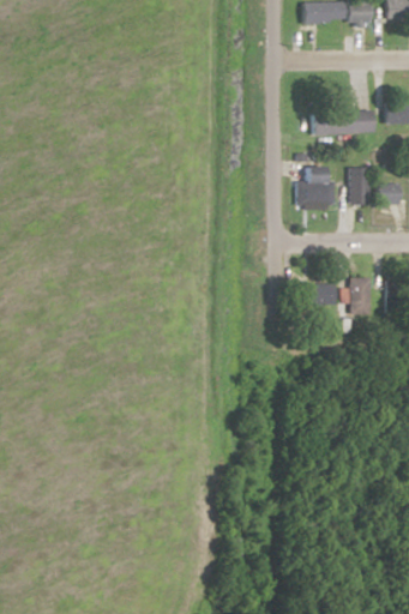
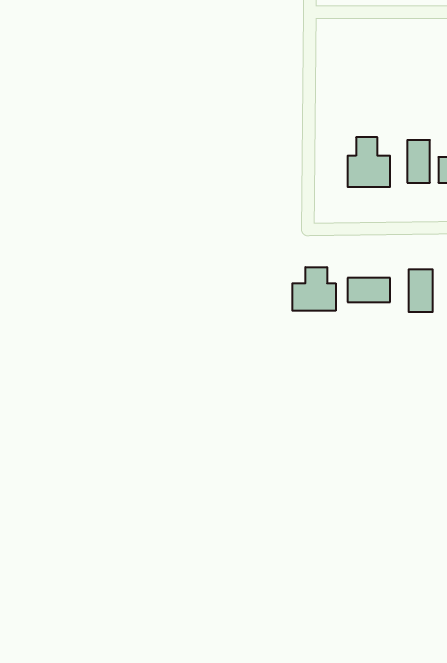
building: [312,109,373,133] -> none
building: none -> [292,267,336,311]

